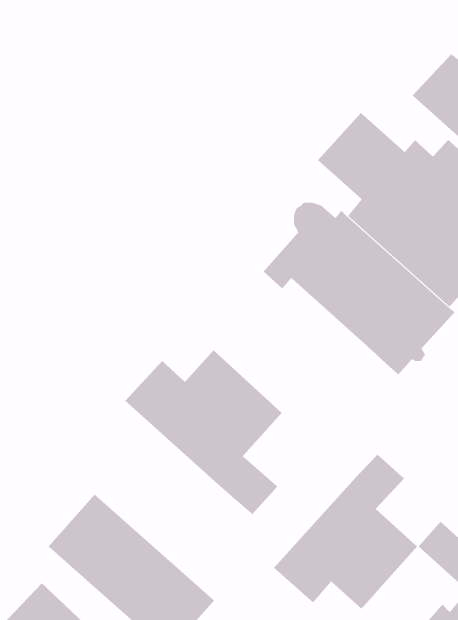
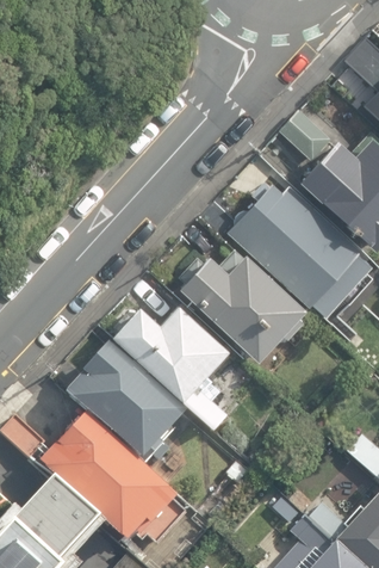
building: none -> [178,241,322,362]
building: none -> [66,338,197,467]
building: [273,454,418,609] -> none

